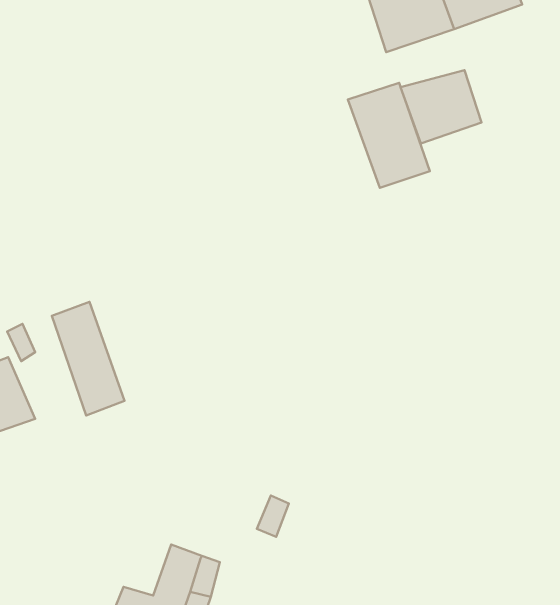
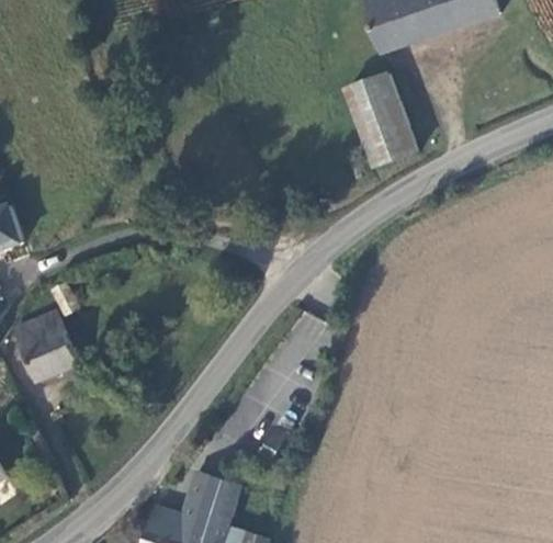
building: [401,70,482,144] -> none
building: [52,302,125,416] -> none

